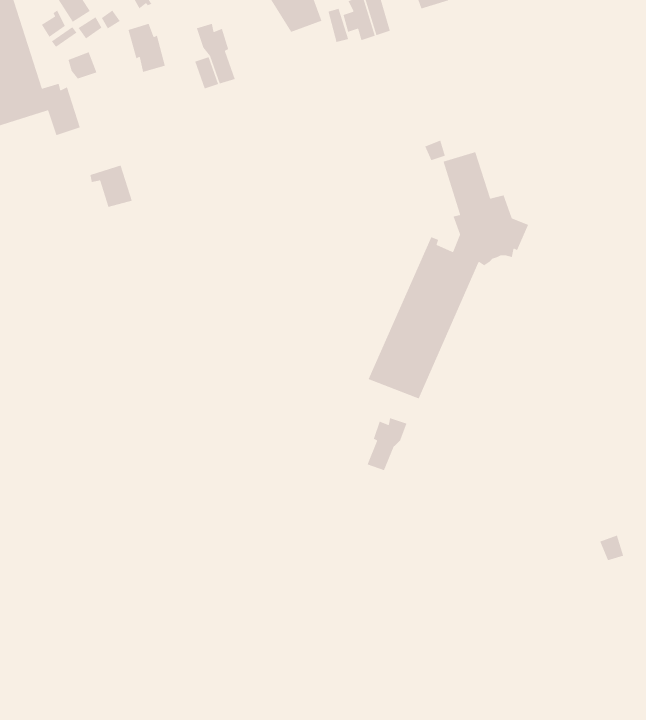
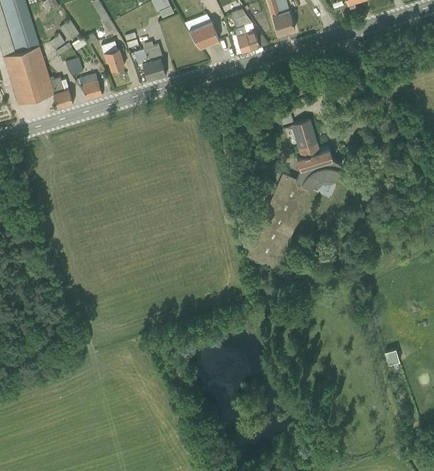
building: [90,164,133,208] -> [76,73,102,99]
building: [367,417,408,471] -> none

